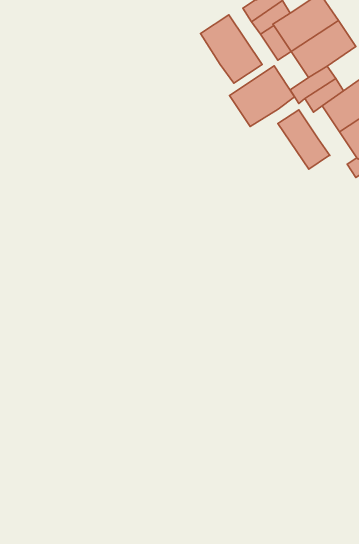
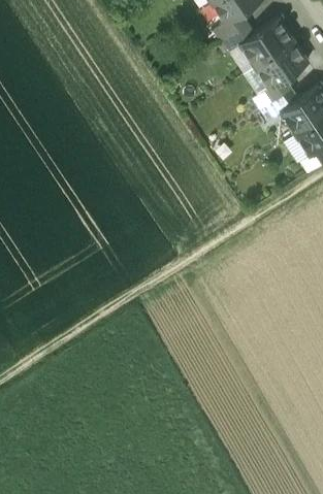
building: [201,15,262,83] -> none
building: [229,66,295,127] -> none
building: [278,110,330,169] -> none

